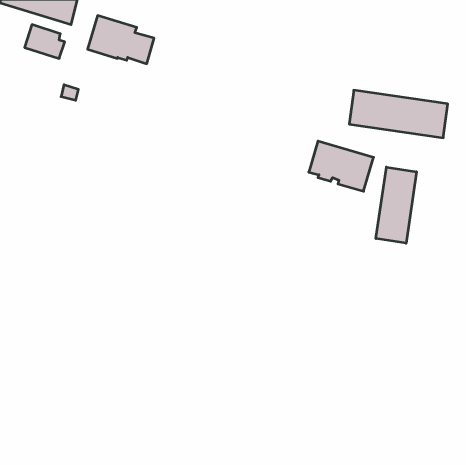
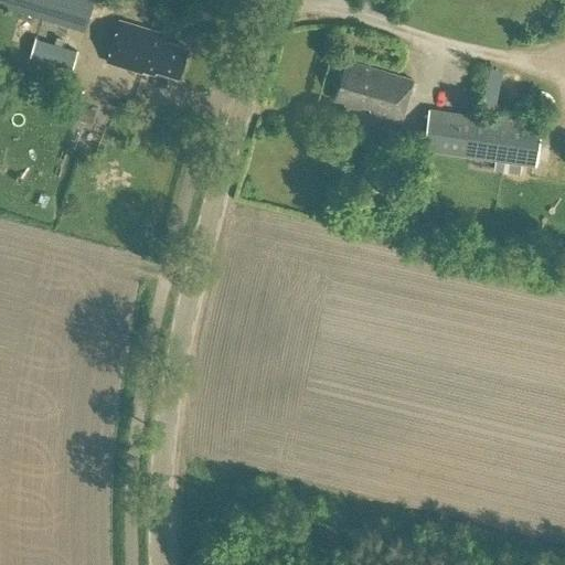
building: [309,141,374,191] -> [333,61,412,121]
building: [376,167,416,243] -> none

